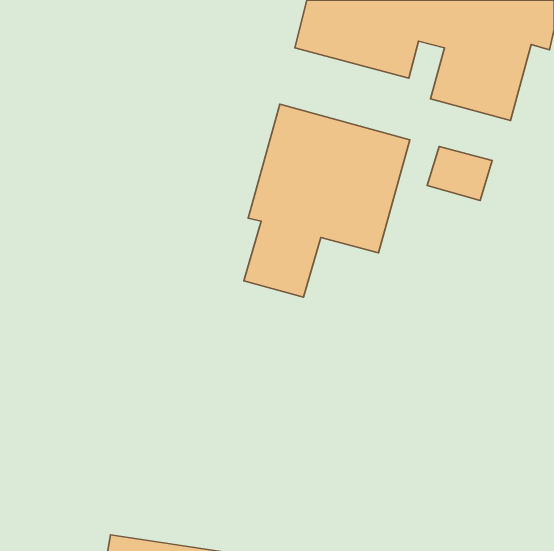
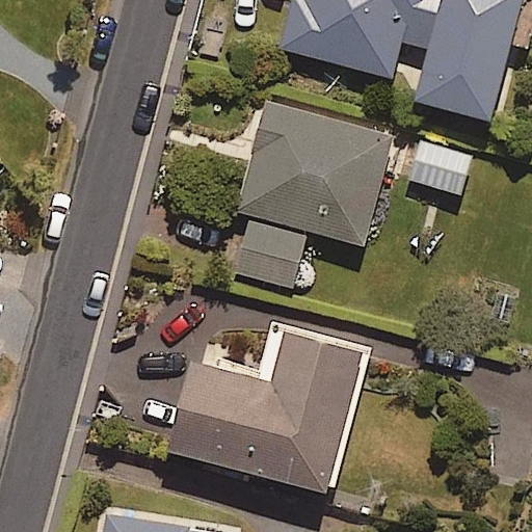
building: none -> [167,330,365,491]

